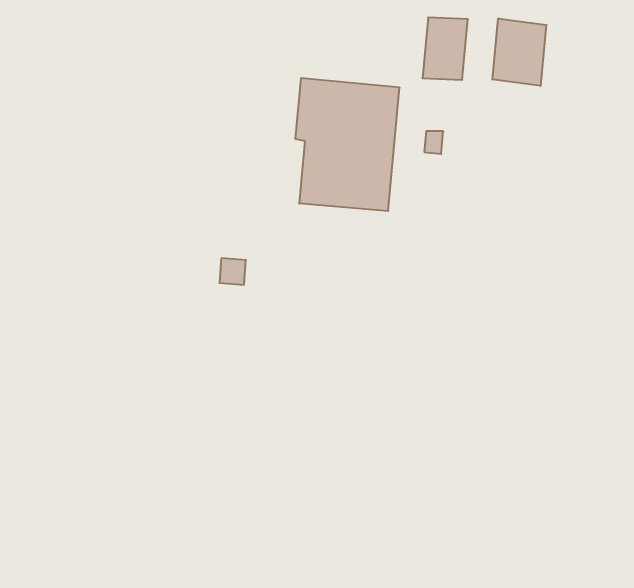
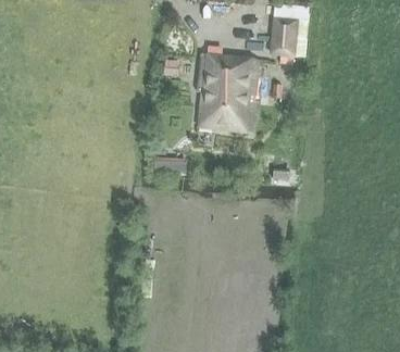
building: [493,18,546,86] -> none

